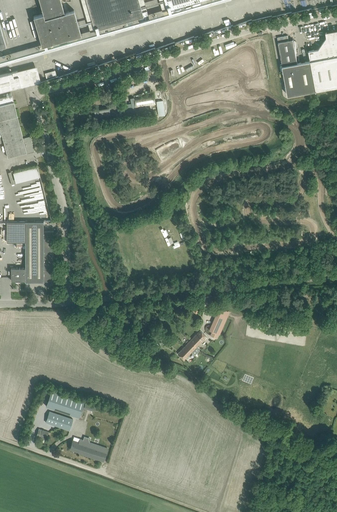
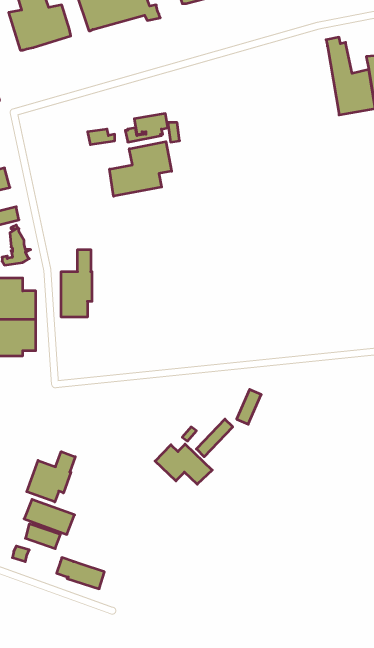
building: none -> [110,142,172,196]
building: none -> [61,250,92,317]
building: none -> [155,444,212,484]
building: none -> [27,452,75,502]

